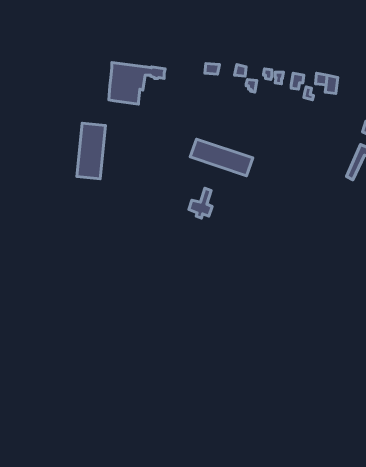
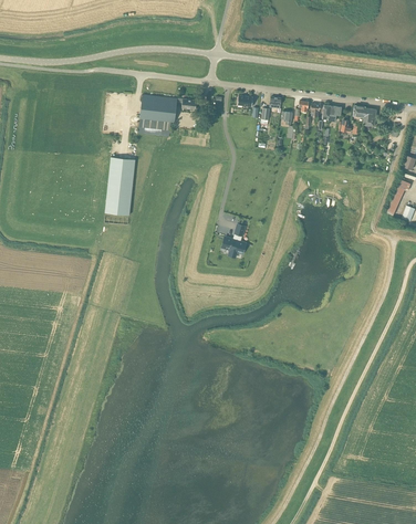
building: [190,139,253,176] -> none

